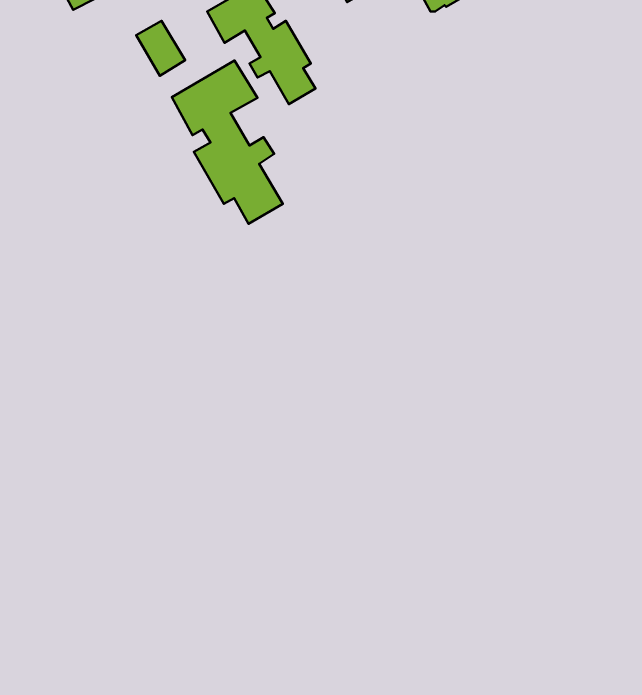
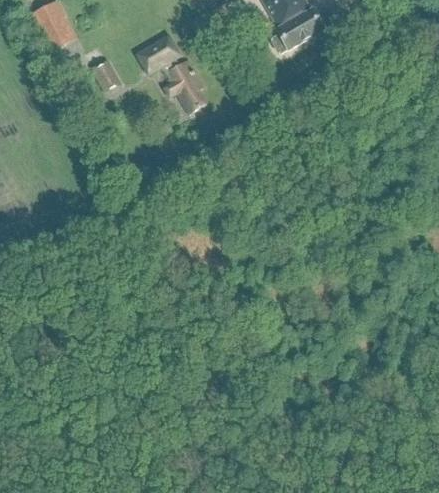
building: [172,61,283,224] -> none

